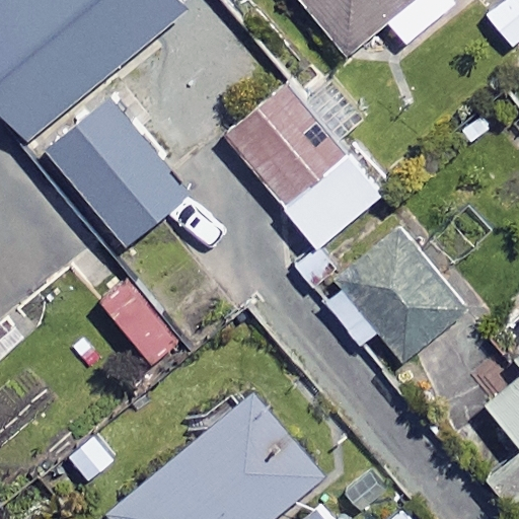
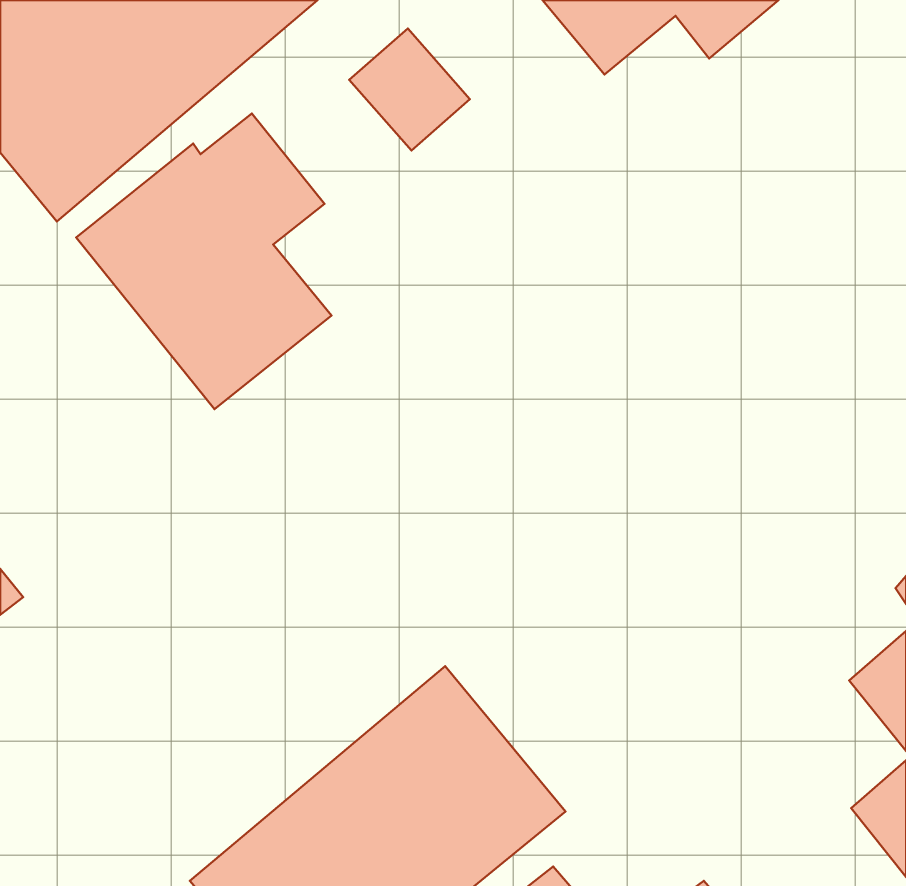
building: [224,84,383,251] -> none
building: [331,225,468,360] -> none

